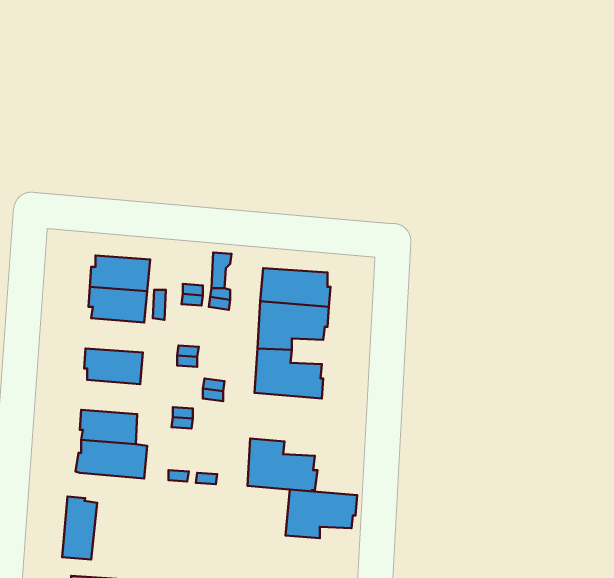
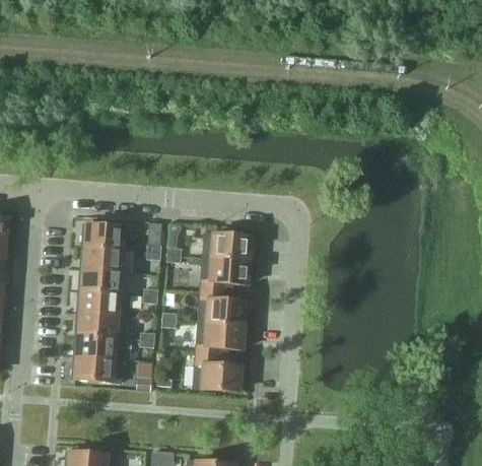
building: none -> [79,269,121,293]
building: none -> [76,313,118,337]
building: [285,490,357,538] -> [196,322,247,356]
building: [62,496,97,560] -> none

